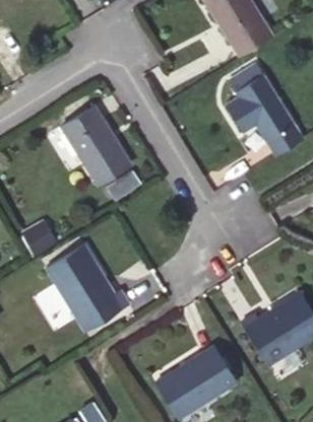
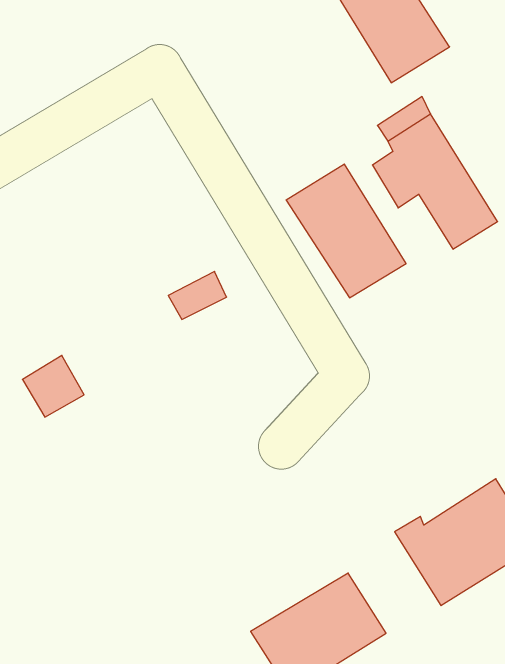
building: [60,105,131,185] -> [286,164,406,298]
building: [46,243,129,331] -> none

